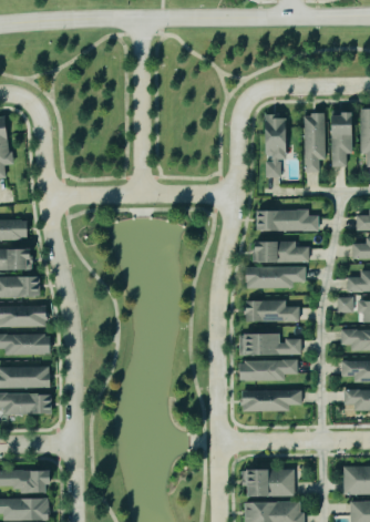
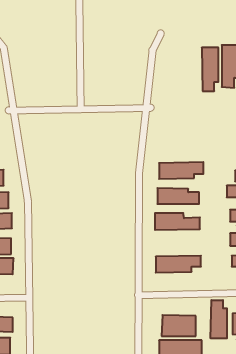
building: [265,116,288,177] -> none
building: [257,209,319,231] -> none
building: [256,240,310,263] -> none
building: [240,359,298,381] -> none
building: none -> [211,300,227,338]

